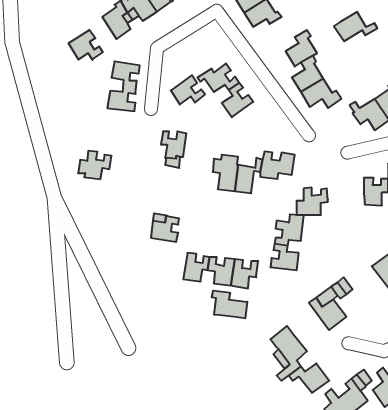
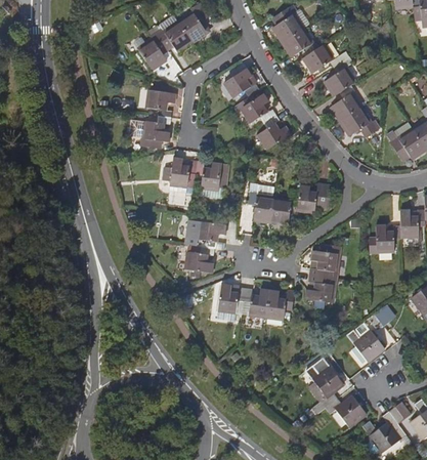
building: [334,12,377,41] -> [300,42,344,72]
building: [69,30,103,60] -> none
building: [171,75,205,105] -> [223,67,258,96]
building: [78,151,112,179] -> [165,156,199,184]
building: [297,188,328,215] -> [371,222,402,250]
building: none -> [198,222,226,249]
building: [212,291,247,318] -> none

